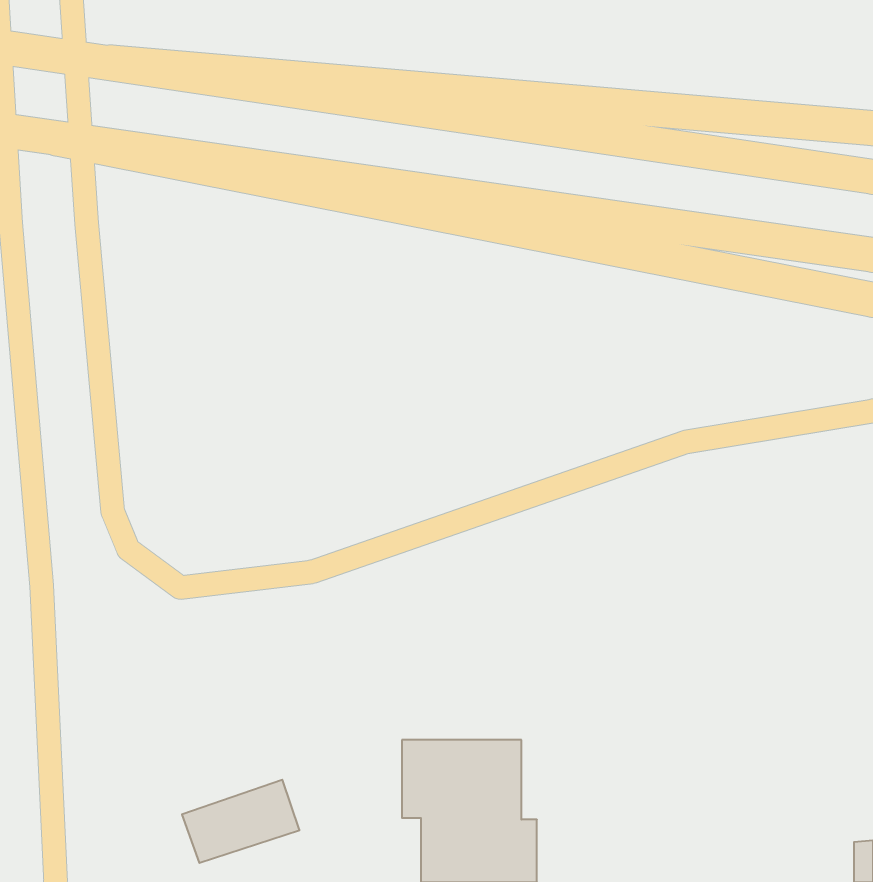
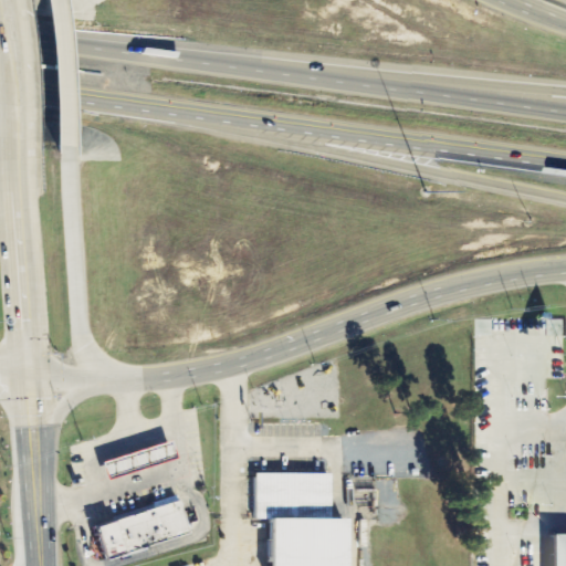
building: none -> [106,438,179,478]
building: none -> [96,520,127,557]

